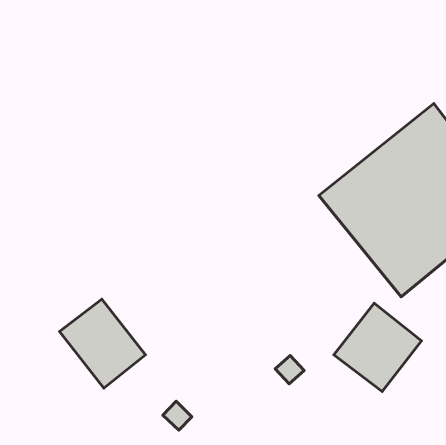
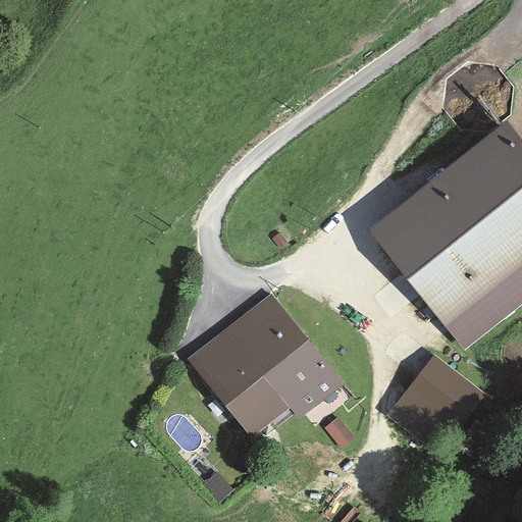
building: none -> [177,289,342,443]
building: [59,299,145,388] -> none

